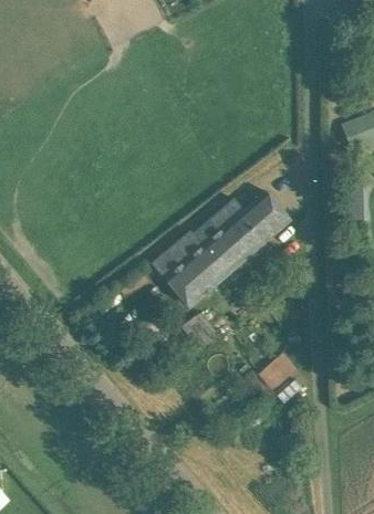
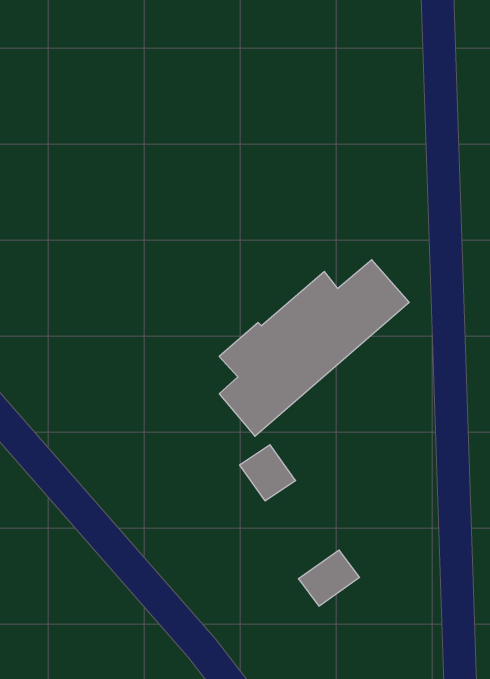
building: [256,353,295,389] -> [298,550,360,606]

